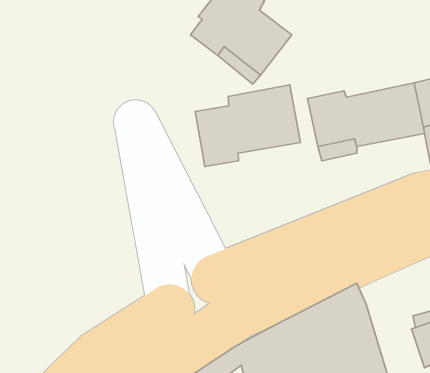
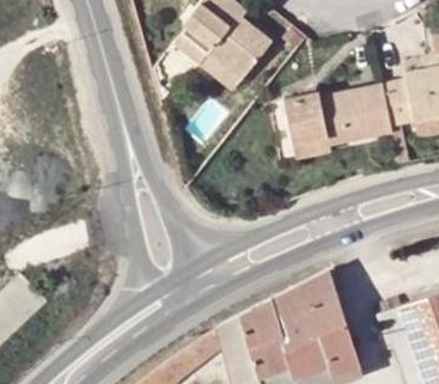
building: [195,85,300,167] -> none

